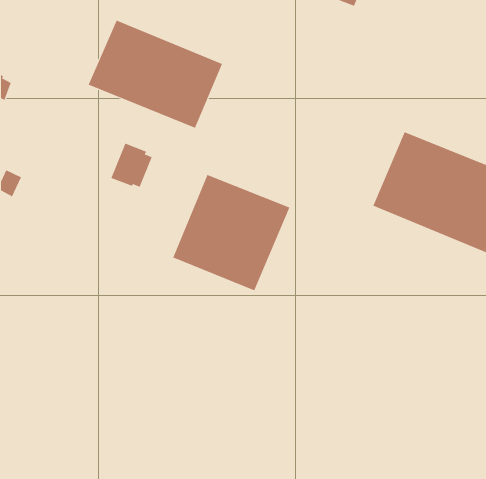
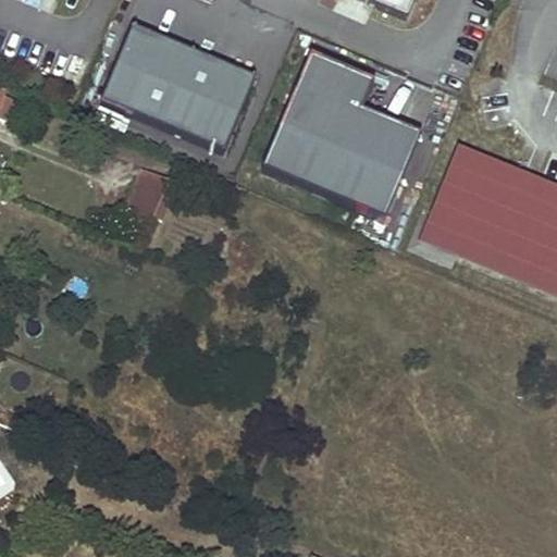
building: none -> [262,51,419,215]
building: [172,174,290,291] -> none

